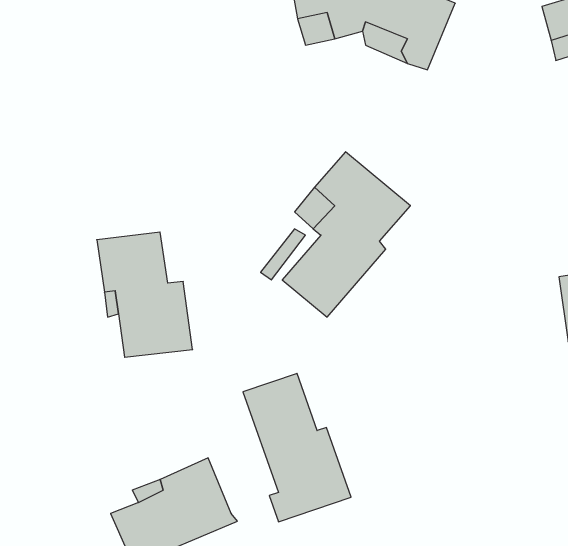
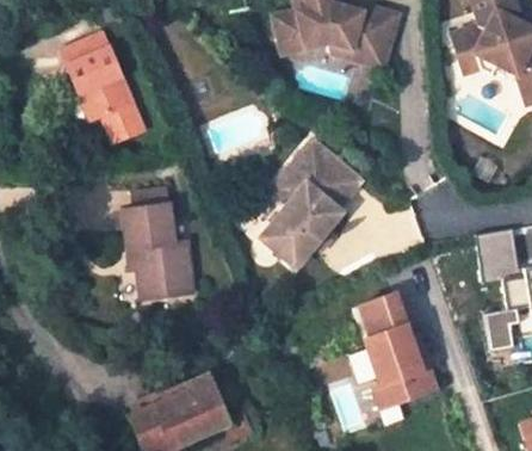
building: none -> [73,29,142,137]
building: [243,373,351,522] -> [352,296,435,410]

